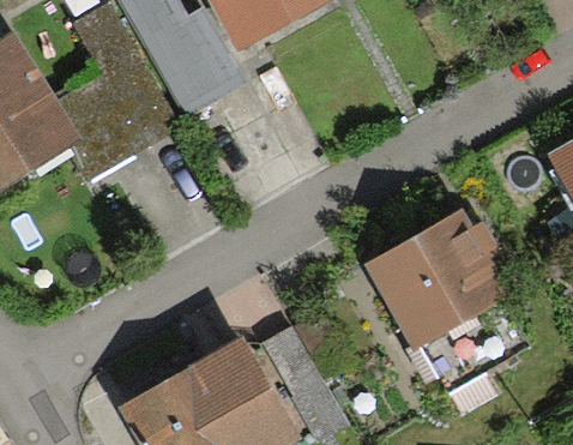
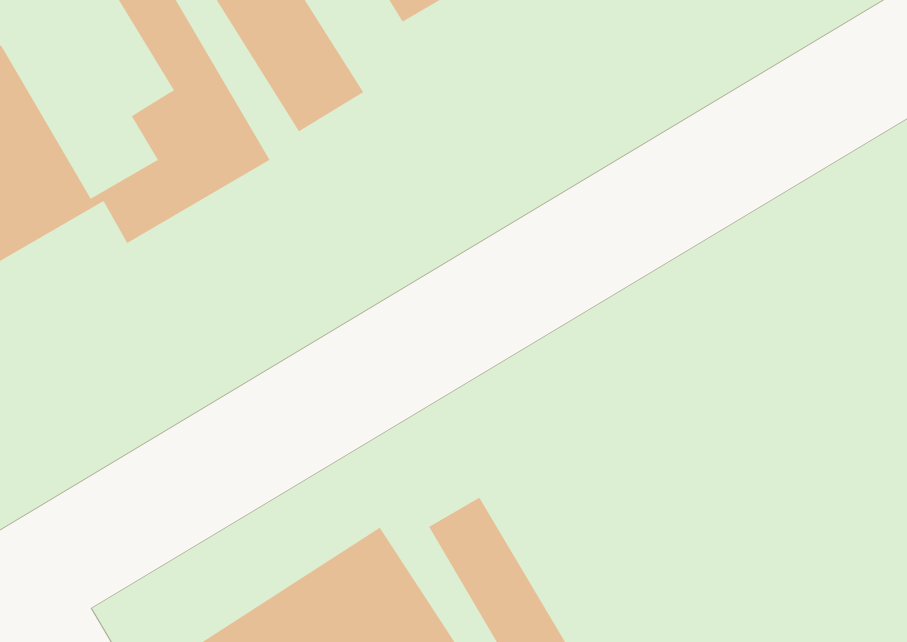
building: [378,217,518,379] -> none

